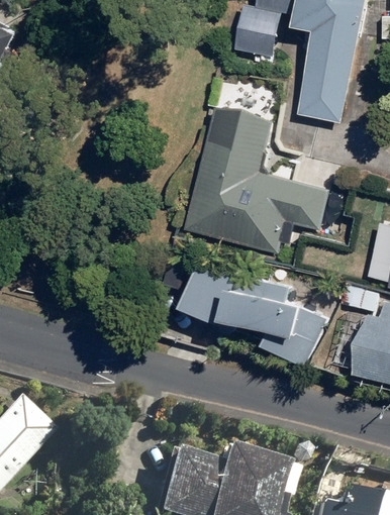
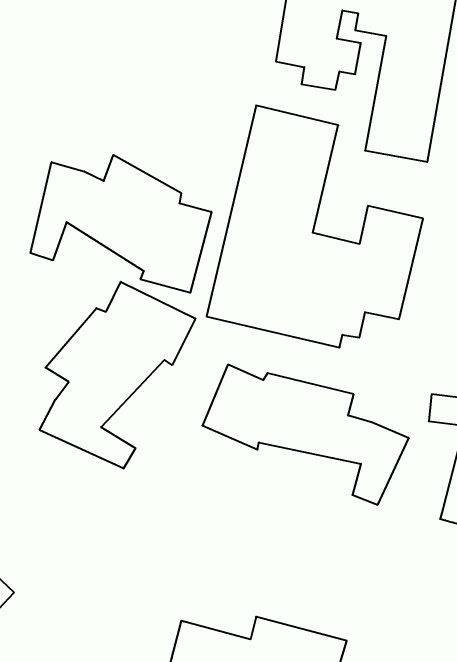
building: none -> [30,155,211,293]
building: none -> [40,282,195,469]

